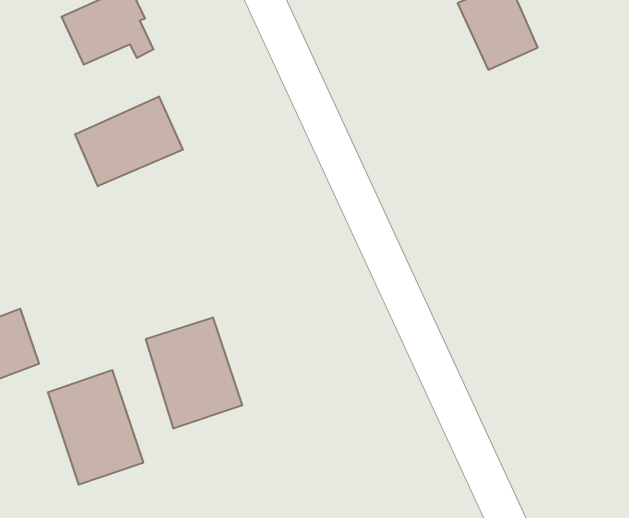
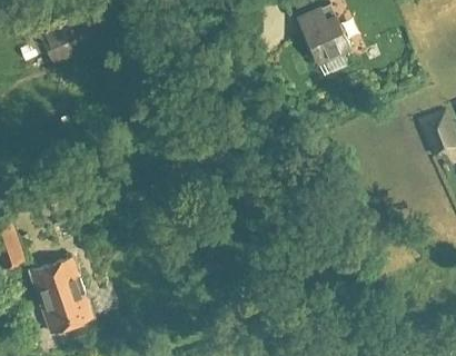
building: [75,96,183,186] -> none
building: [146,317,242,429] -> none

